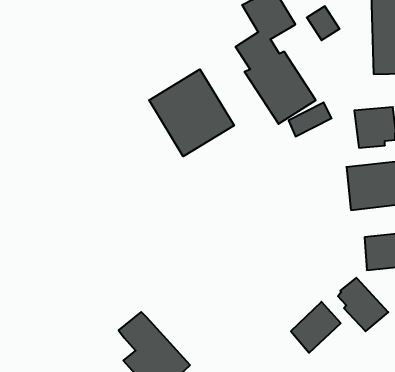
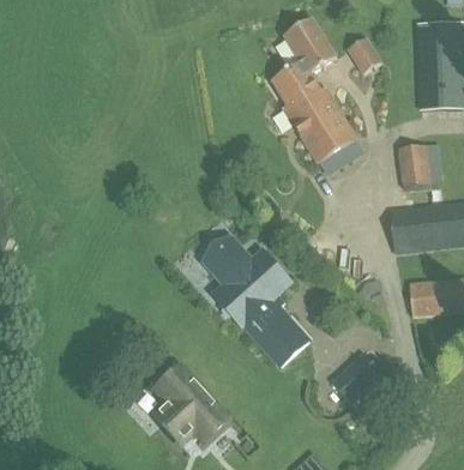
building: [149,69,234,156] -> none
building: none -> [200,235,307,366]
building: [338,278,388,331] -> none

